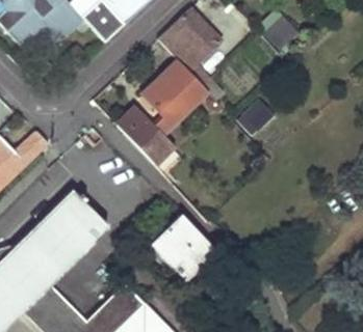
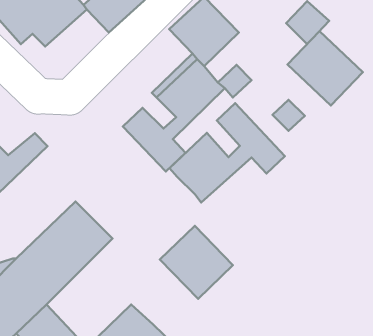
building: none -> [288,31,363,106]
building: none -> [169,103,285,202]

